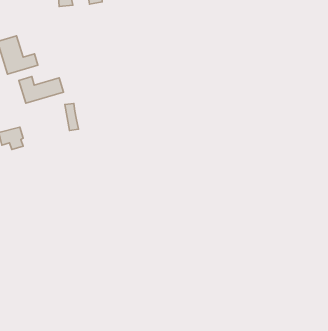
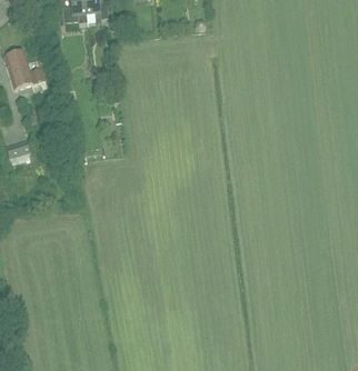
building: [19,77,64,103] -> none

